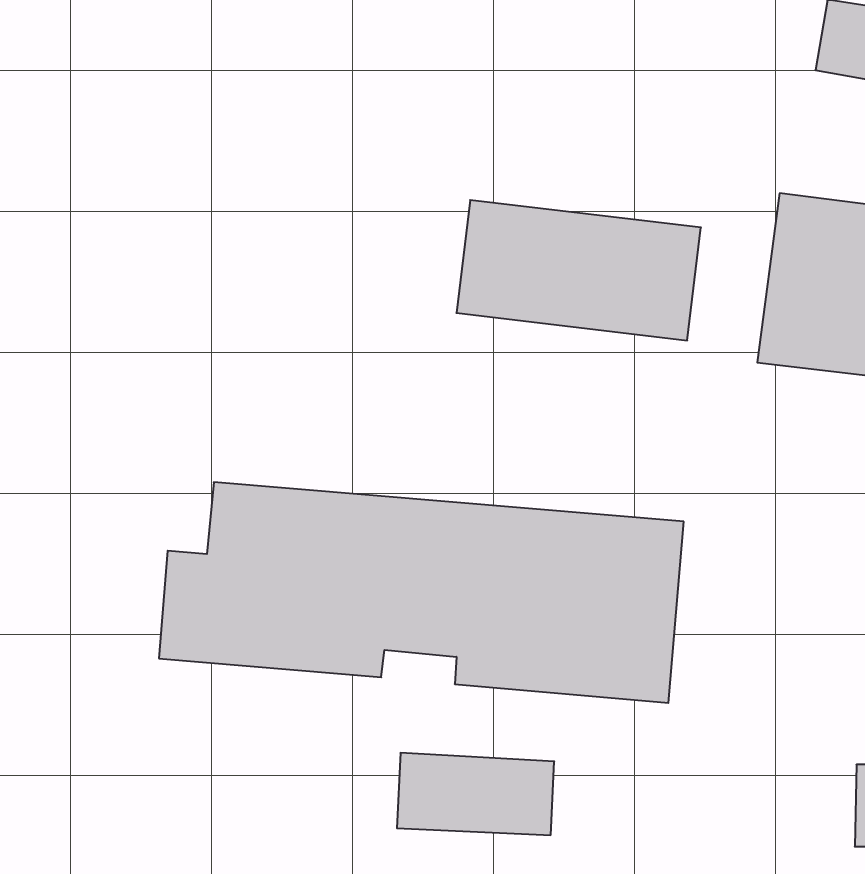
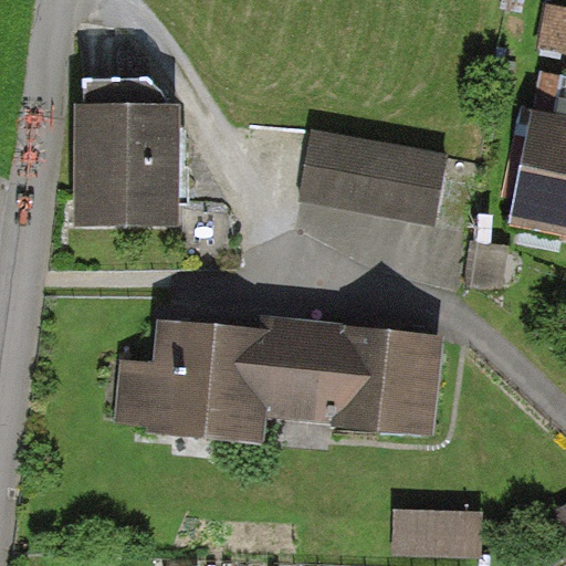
building: none -> [78,115,180,220]
building: [397,753,554,835] -> [392,507,494,560]

